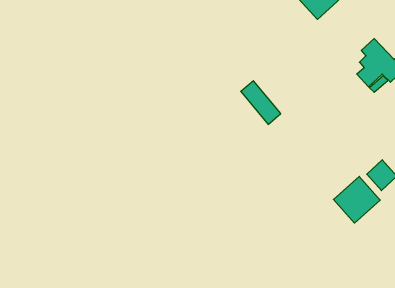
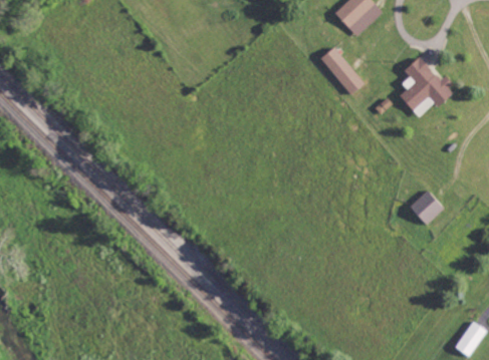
building: [241,81,281,124] -> [319,47,363,95]
building: [333,176,380,223] -> none

